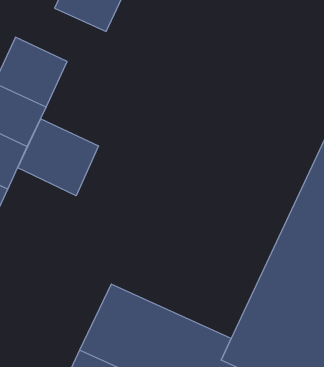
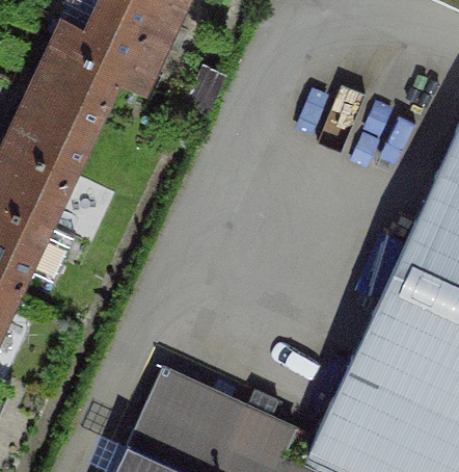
building: none -> [55,11,168,89]
building: [18,119,98,196] -> none

